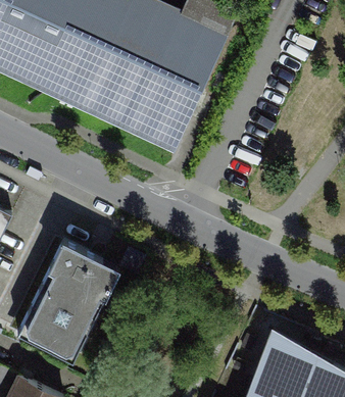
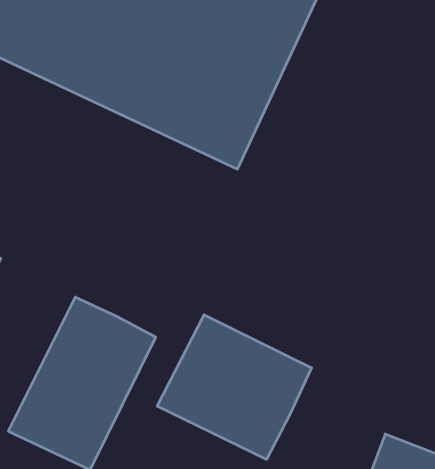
building: none -> [157,315,312,459]

